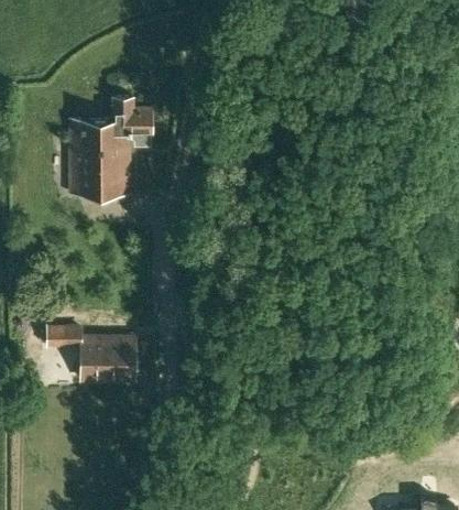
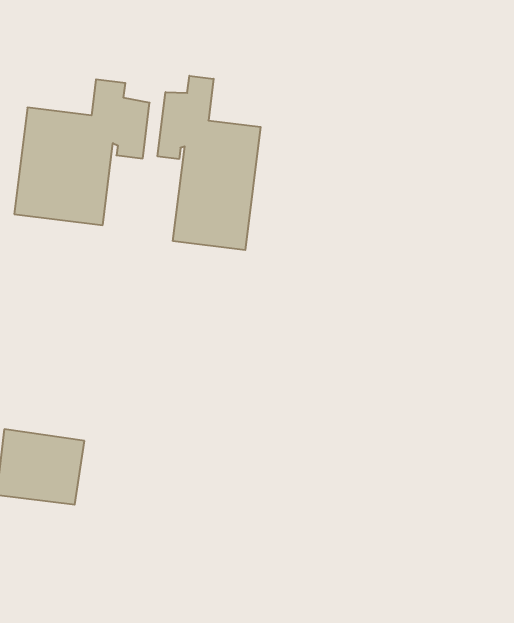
building: none -> [158,76,261,250]

